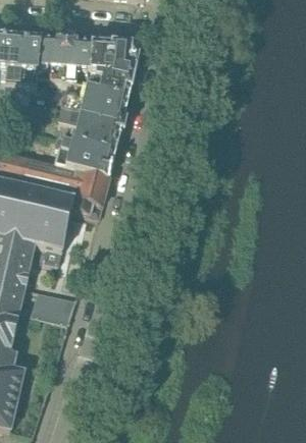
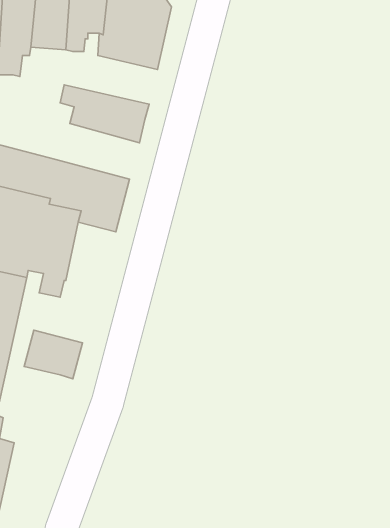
building: [61,80,130,119] -> none
building: [55,131,116,174] -> none

